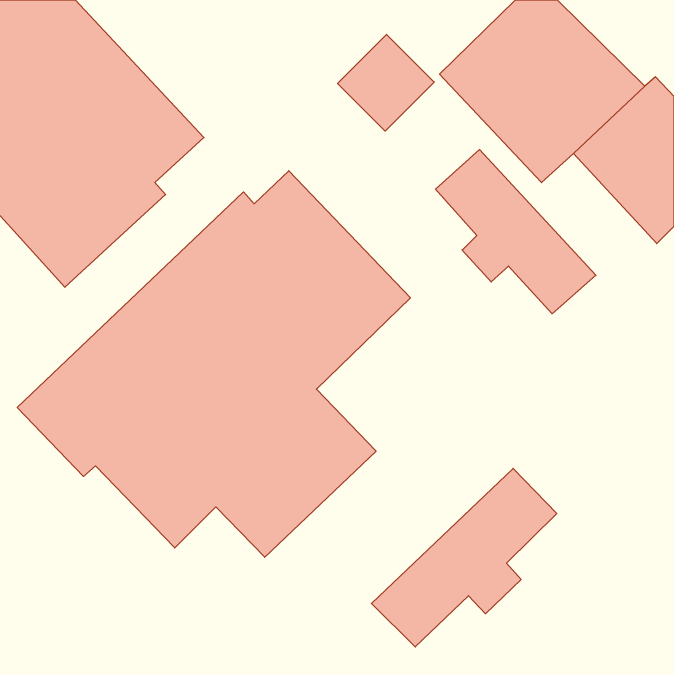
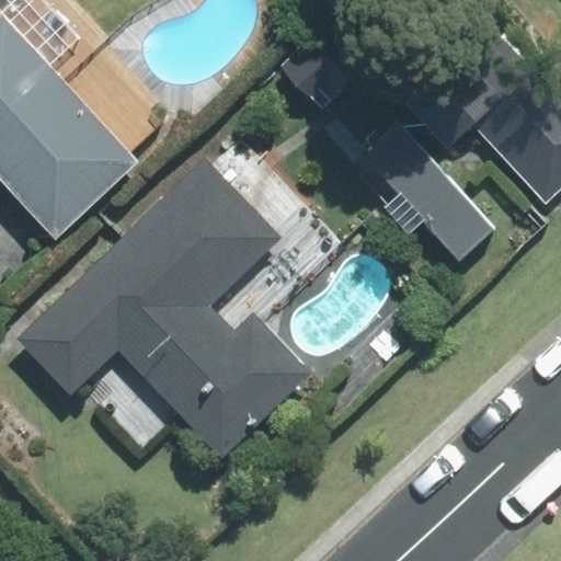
building: [371,468,557,647] -> none

